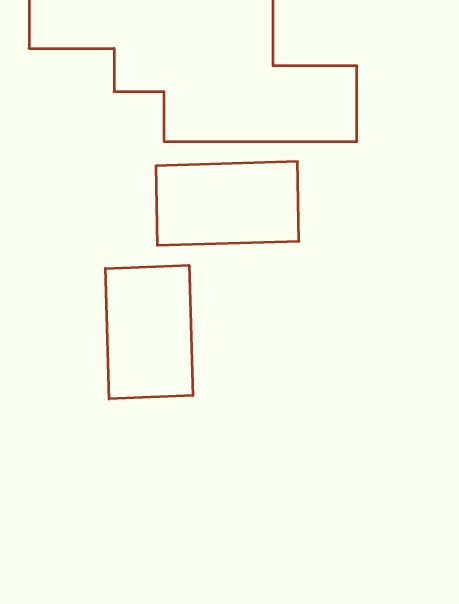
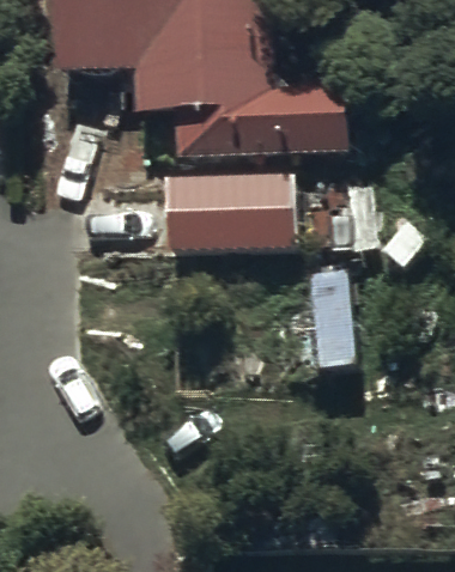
building: [105,265,193,399] -> none

